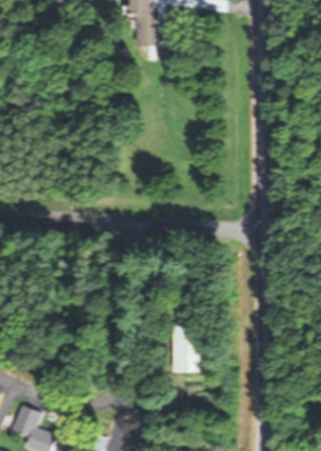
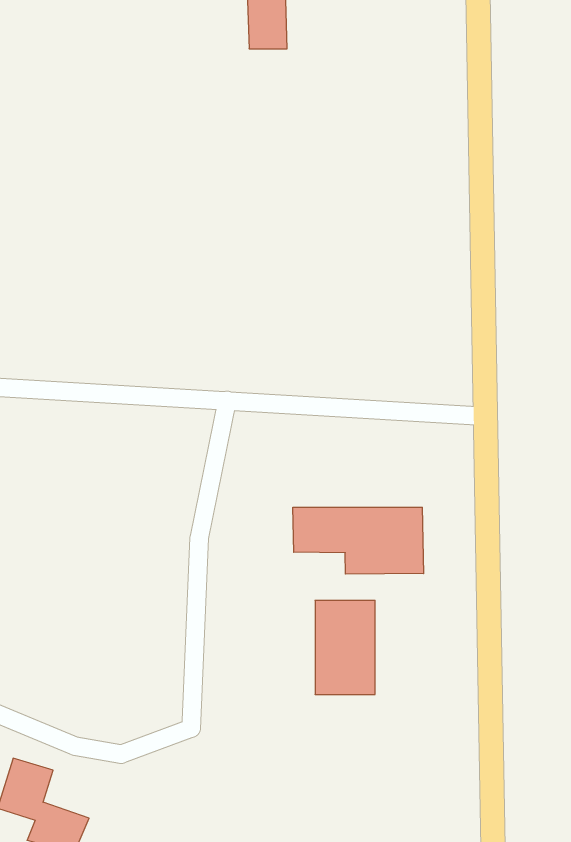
building: none -> [293,507,424,574]

